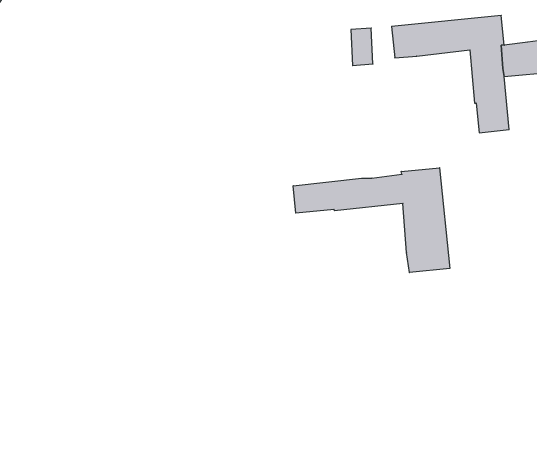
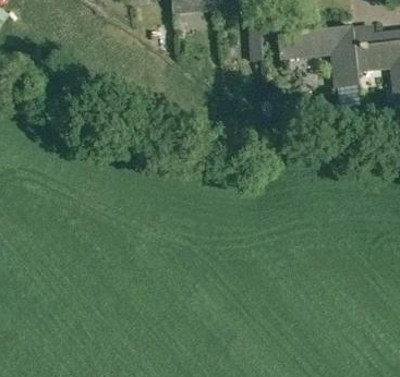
building: [293,168,450,273] -> none

